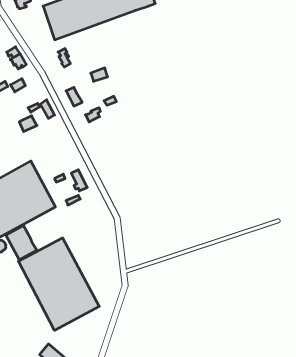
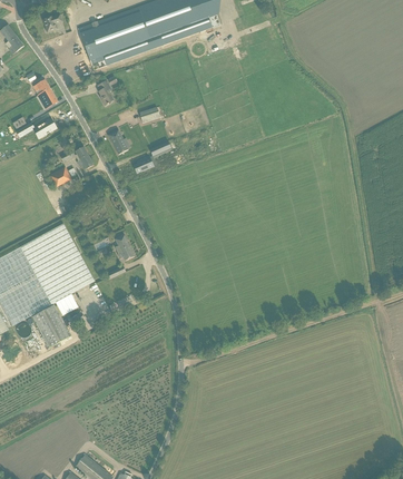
building: [18,238,99,330] -> none

